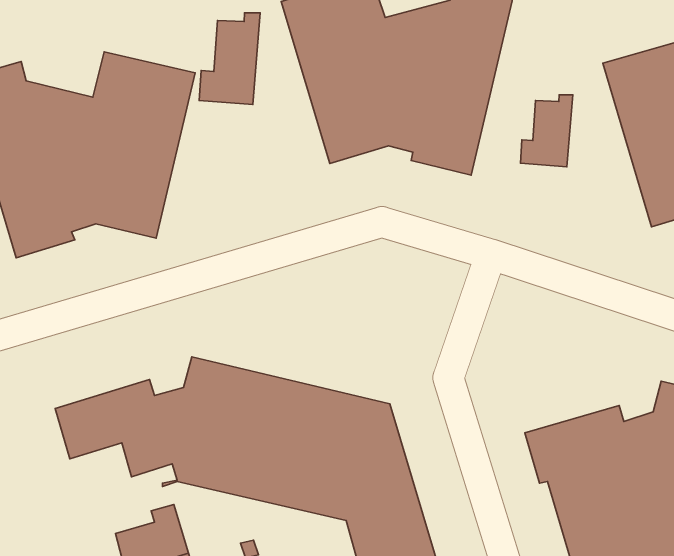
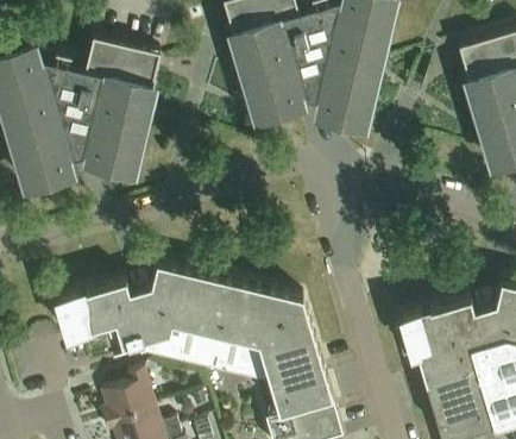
building: [199,13,260,105] -> none
building: [520,95,573,167] -> none

